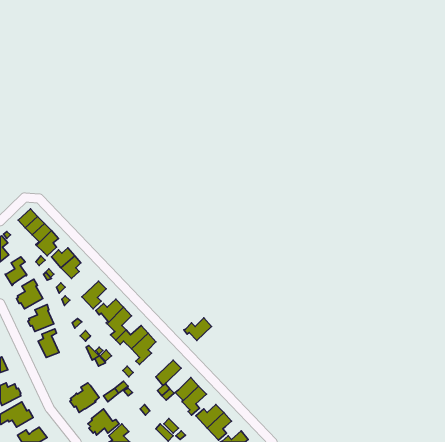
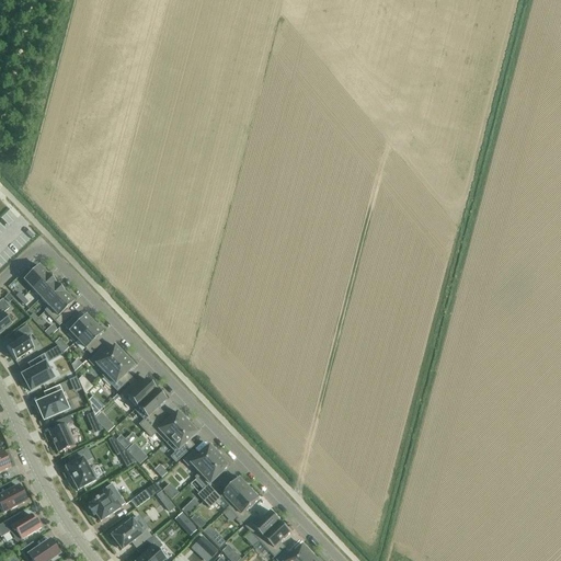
building: none -> [89,343,124,374]
building: [184,318,212,340] -> [183,443,218,471]
building: none -> [65,446,94,488]

